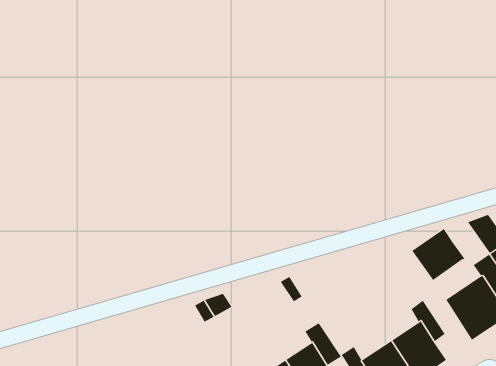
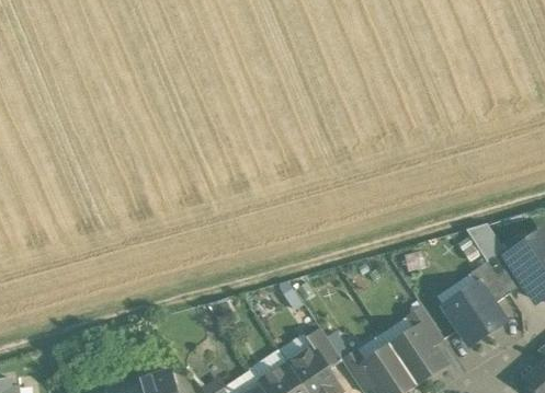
building: [411,228,465,281] -> none

